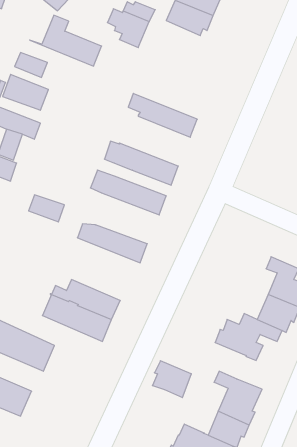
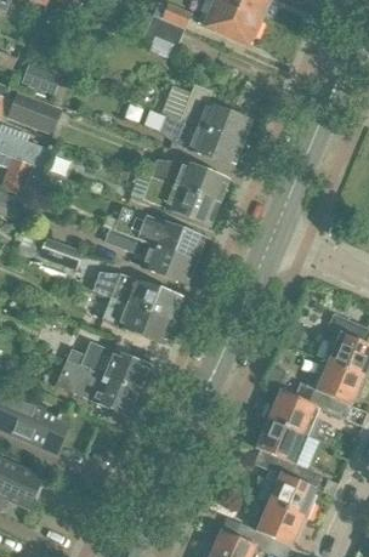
building: [30,15,102,66] -> [165,84,252,146]
building: none -> [148,159,228,203]
building: none -> [107,229,197,284]
building: none -> [96,290,174,343]
building: [152,361,191,398] -> [255,417,302,462]

